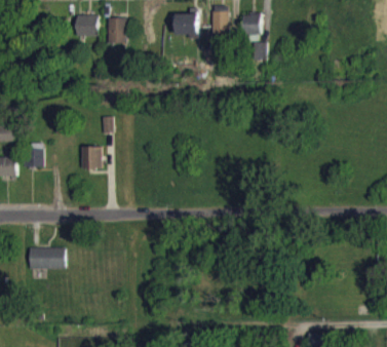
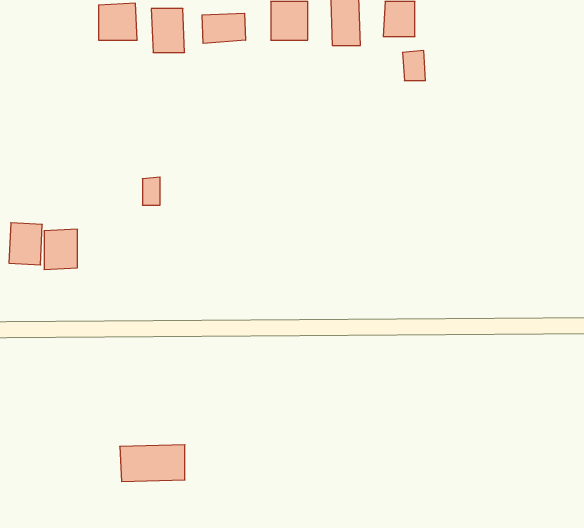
building: none -> [202,13,246,43]
building: [82,146,102,169] -> [44,229,77,270]
building: [29,247,67,269] -> [120,445,185,482]

